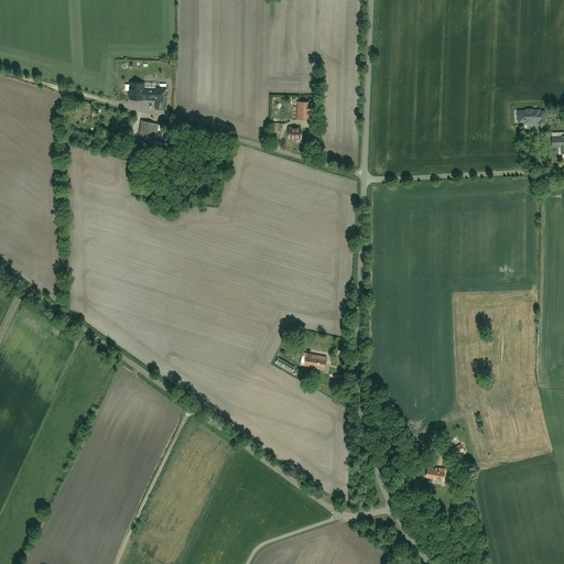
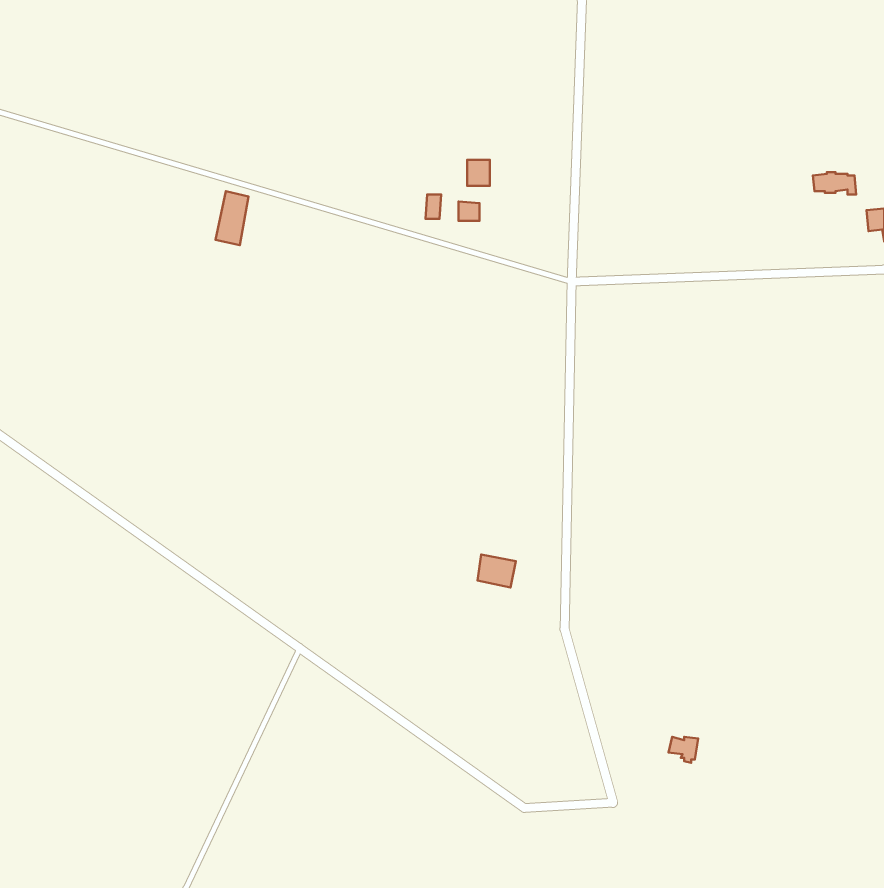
building: [130,82,163,101] -> none

